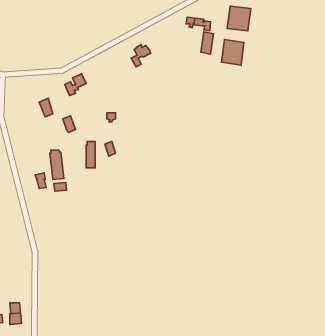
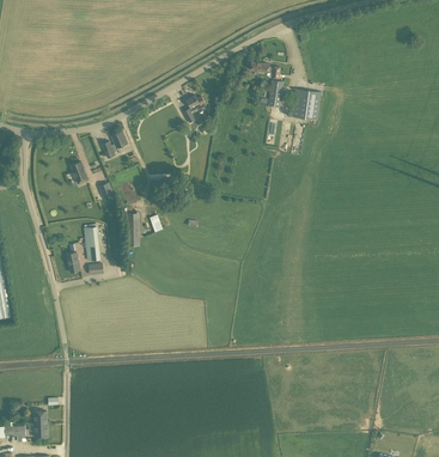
building: [227,6,251,31] -> none

